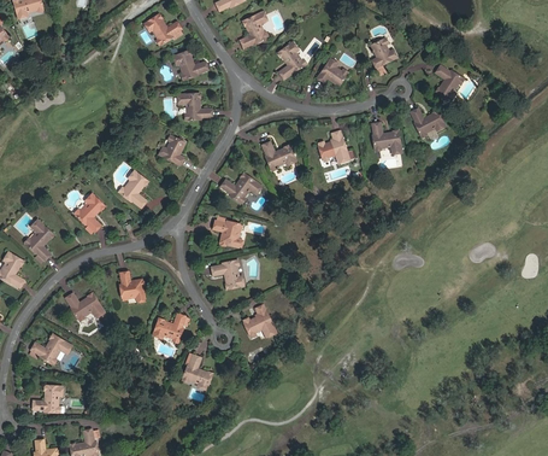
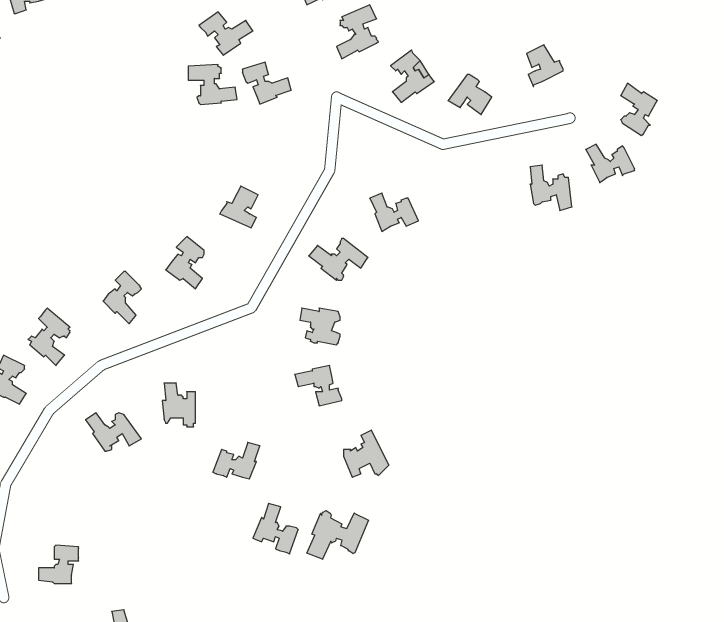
building: [179,93,213,121] -> [188,65,237,105]
building: [319,130,350,162] -> none
building: [31,334,71,363] -> none
building: none -> [307,511,368,559]

